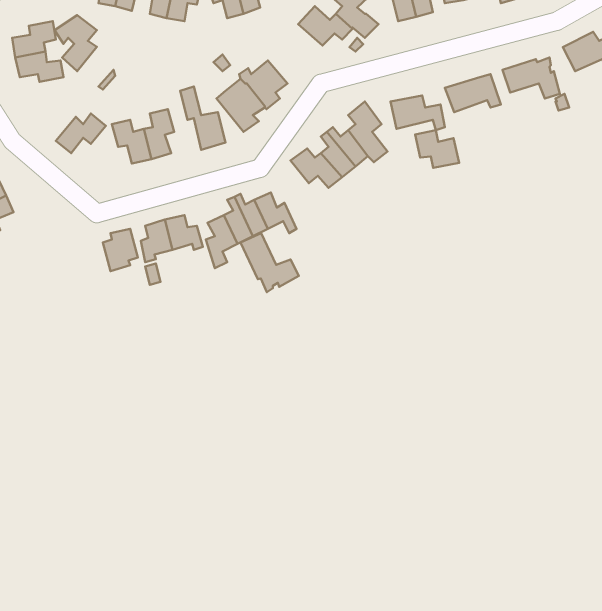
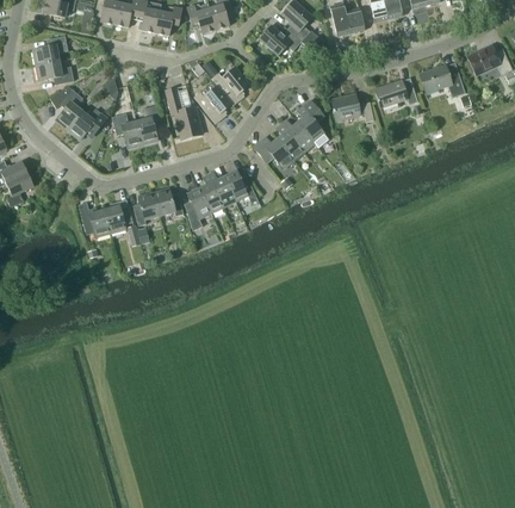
building: [54,15,97,71] -> [49,86,82,130]
building: [415,130,459,168] -> none
building: [240,233,299,292] -> none
building: none -> [77,203,110,236]

